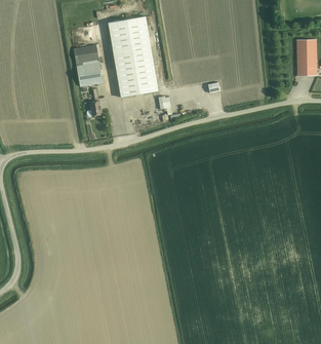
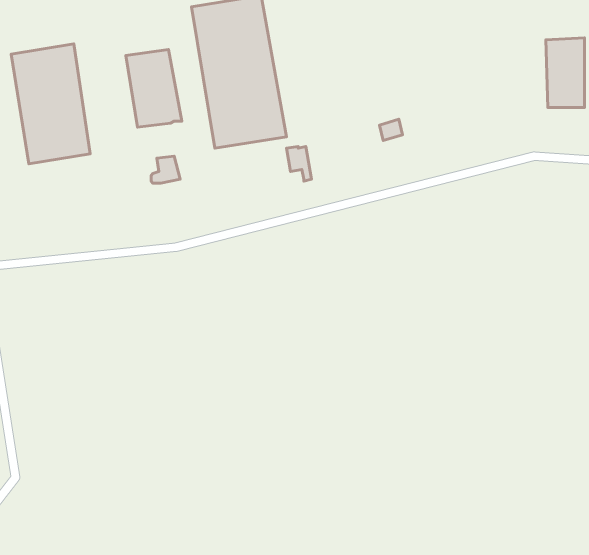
building: none -> [11,44,90,164]

